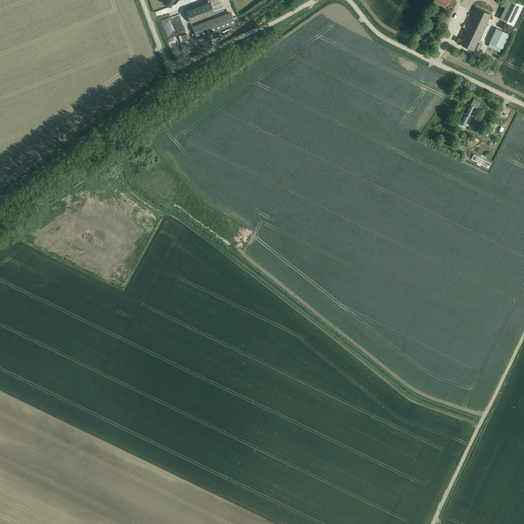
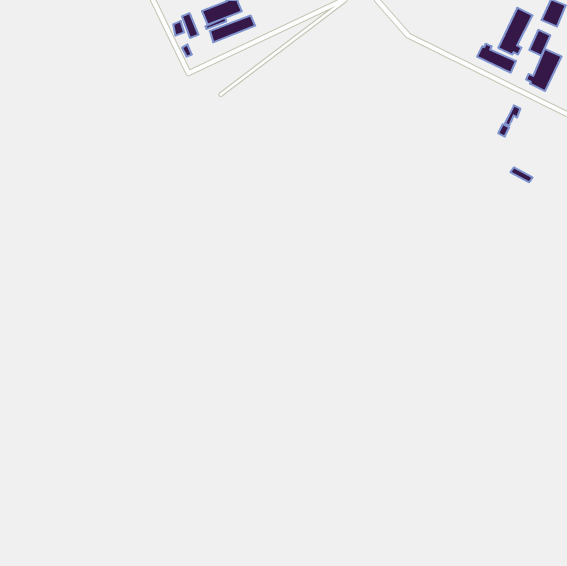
building: none -> [477,44,516,73]
building: none -> [526,49,561,91]

